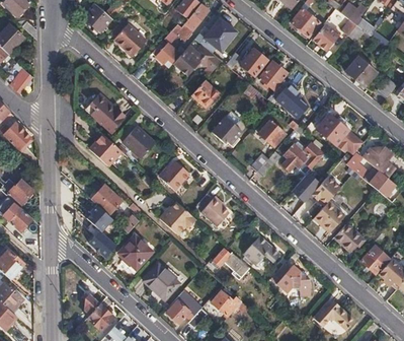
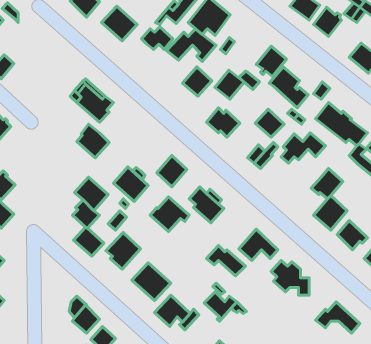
building: [240,49,267,76] -> [215,70,244,99]
building: [123,124,155,156] -> [114,167,148,202]
building: [292,173,320,201] -> none

